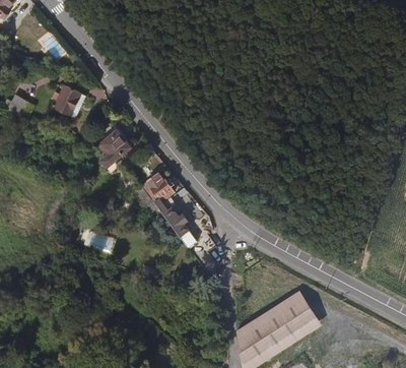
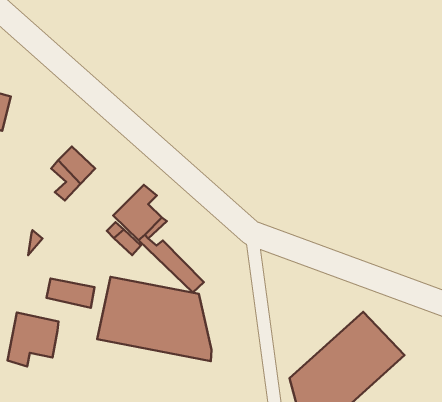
building: none -> [97,277,211,361]
building: none -> [7,313,59,366]

